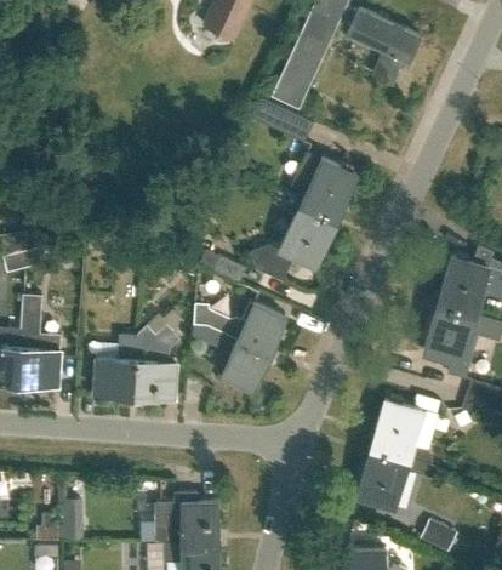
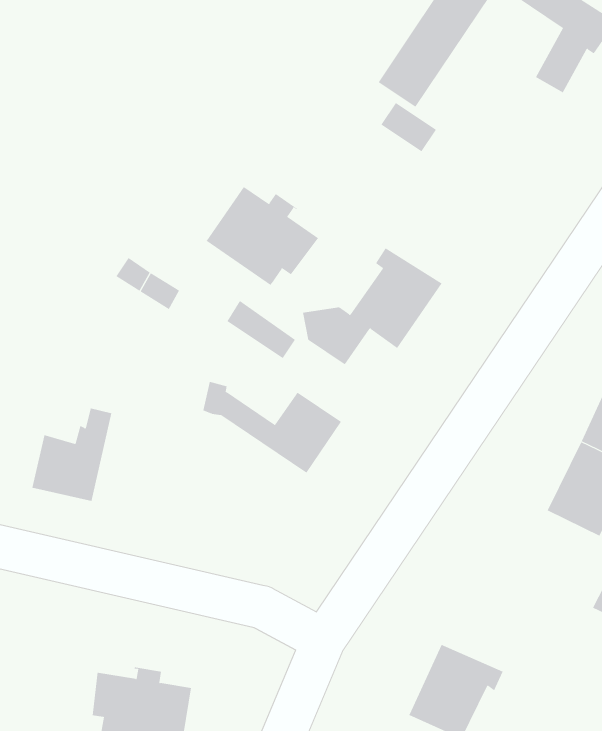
building: [295,160,355,221] -> none
building: none -> [206,186,319,286]
building: [135,326,178,398] -> none
building: [221,341,268,392] -> none
building: [371,398,439,461] -> none

